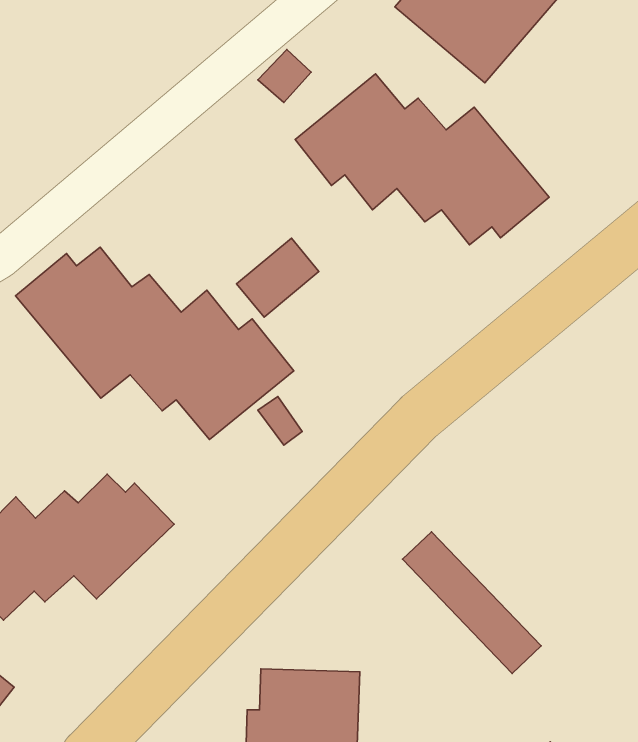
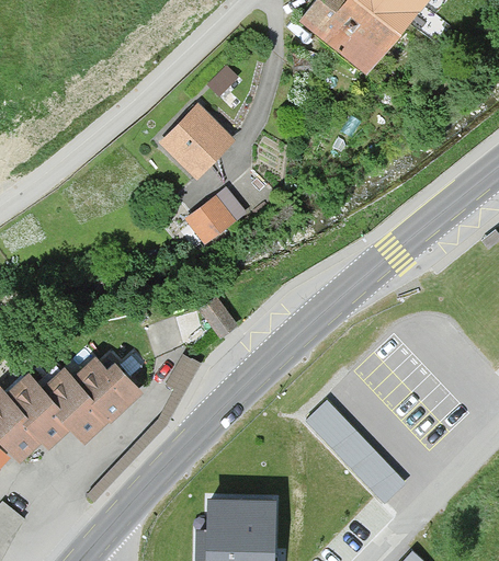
building: [295,74,549,245] -> none
building: none -> [160,106,231,179]
building: [16,247,294,440] -> none

